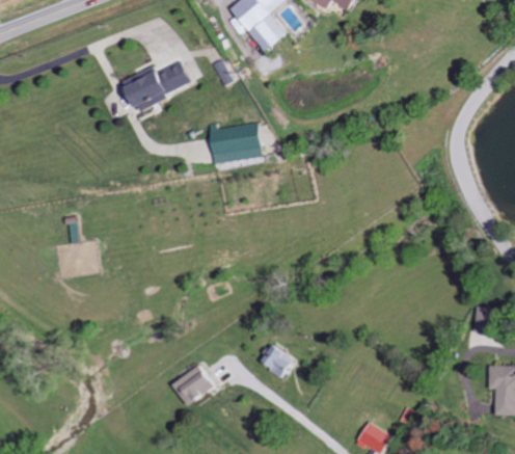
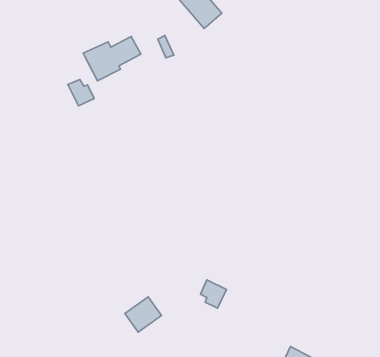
building: none -> [68,79,94,106]
building: [209,122,262,164] -> none

